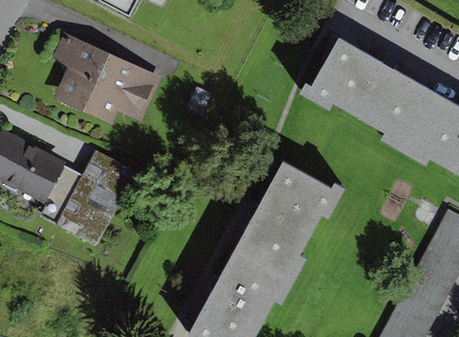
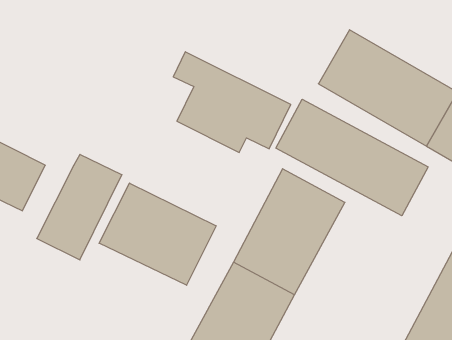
building: [52,33,158,124] -> [173,52,291,152]
building: none -> [276,99,428,216]
building: none -> [99,183,216,285]

